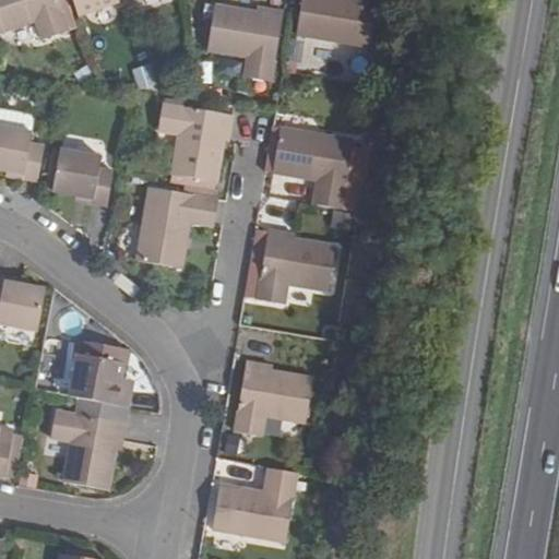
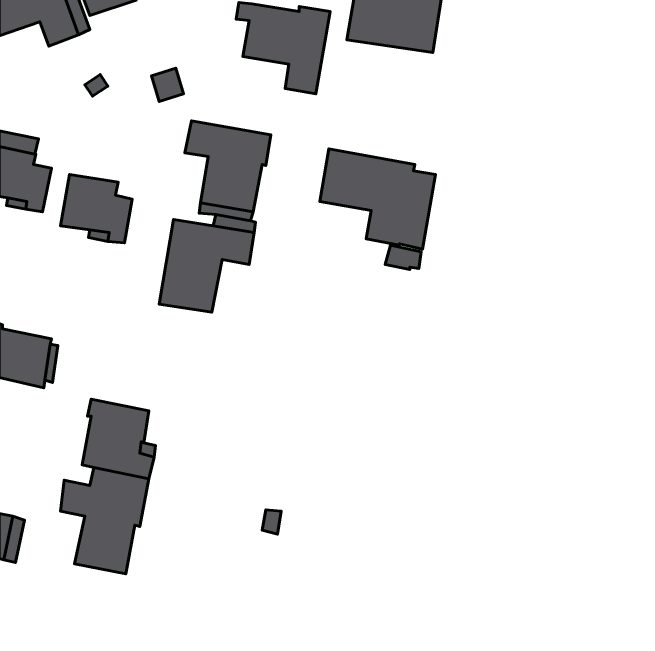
building: [257,228,334,302] -> none
building: [234,362,312,435] -> none
building: [213,466,297,542] -> none

